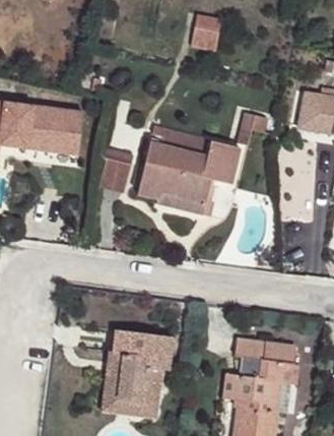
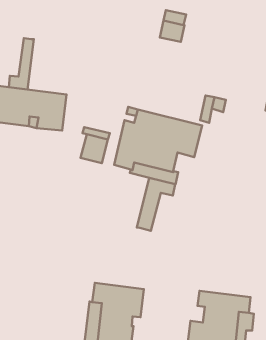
building: none -> [9,38,34,90]
building: none -> [137,178,175,231]

